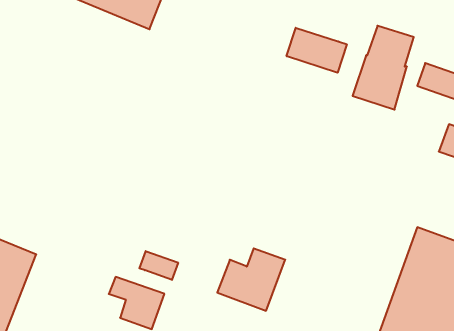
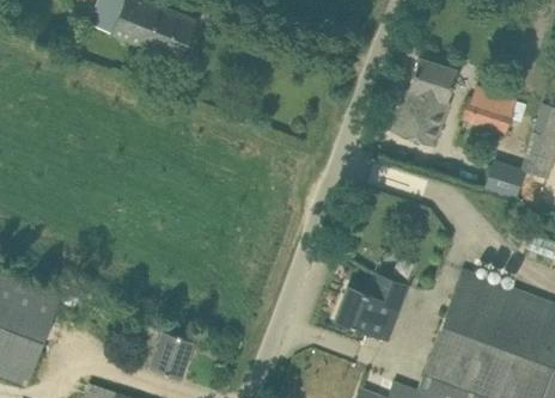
building: [287,28,347,73] -> none
building: [217,248,285,311] -> [335,273,407,338]
building: [139,251,178,280] -> none

